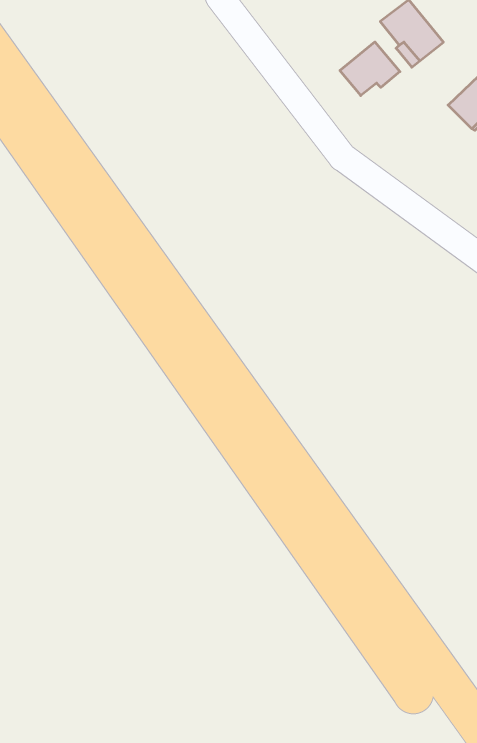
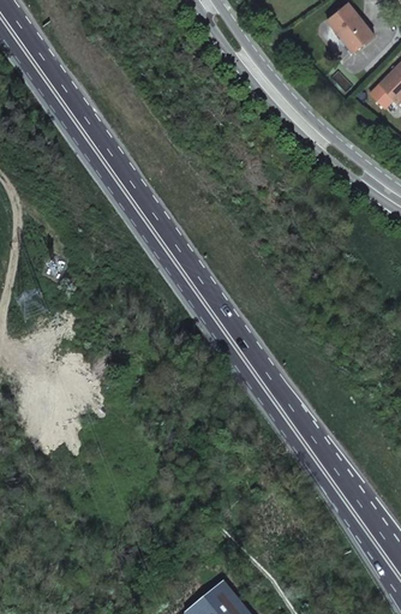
building: [340,42,400,96] -> none

